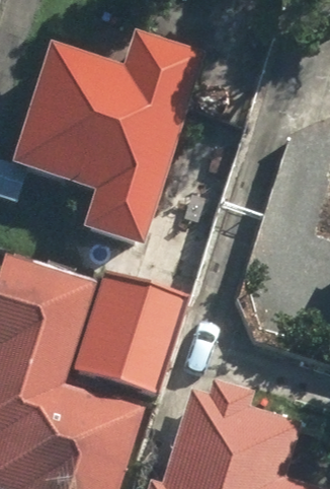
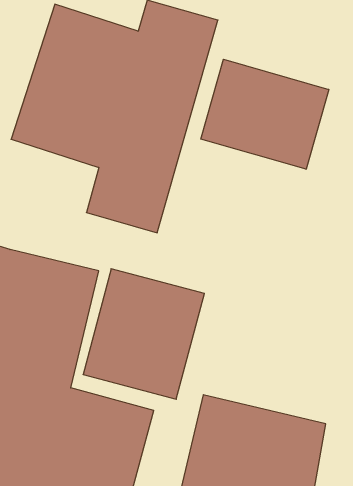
building: none -> [201,59,329,169]

